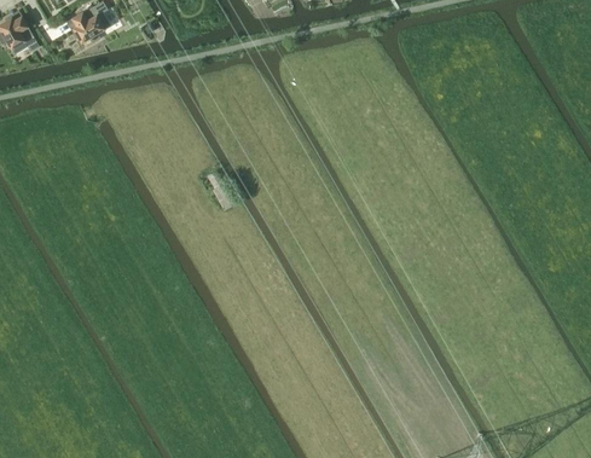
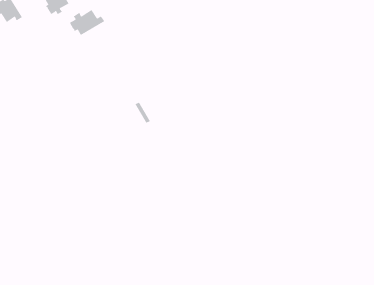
building: none -> [69,9,105,36]

